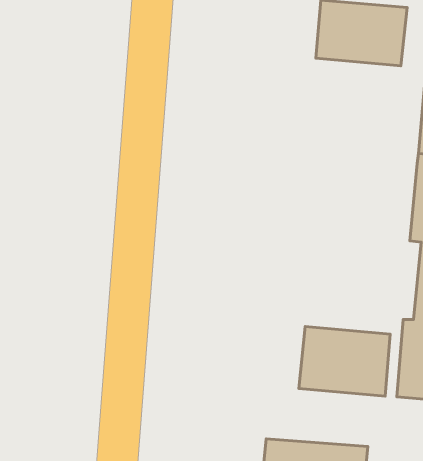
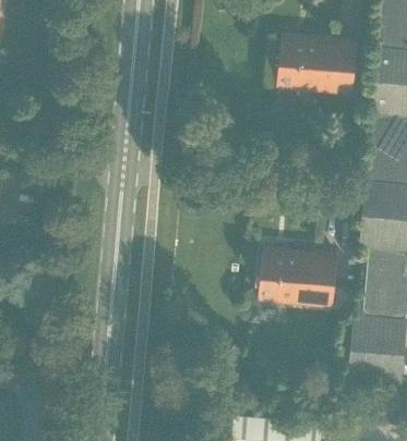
building: [299,326,390,396] -> [259,246,337,306]

